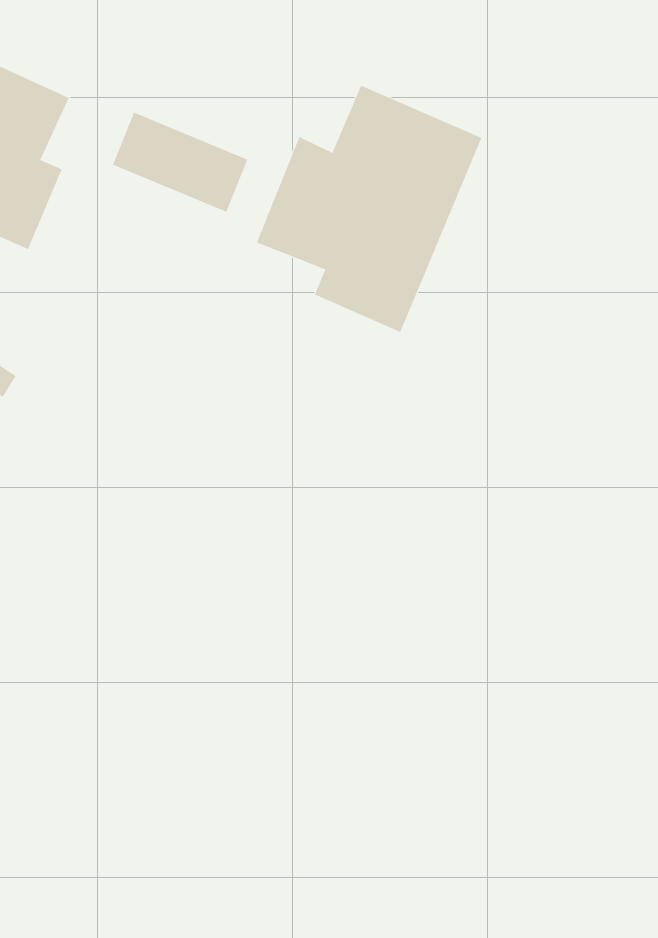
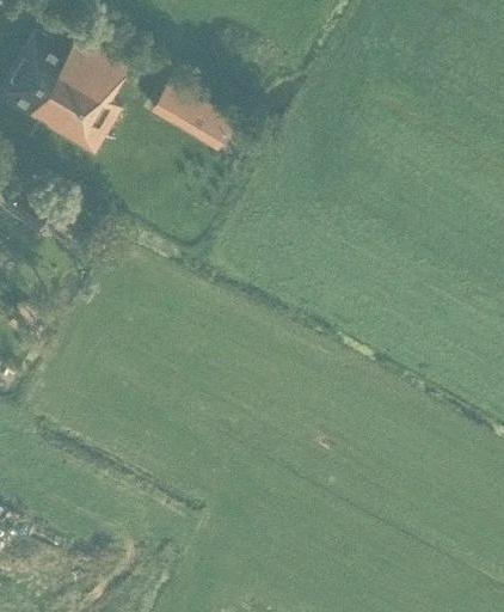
building: [256,85,482,333] -> none

